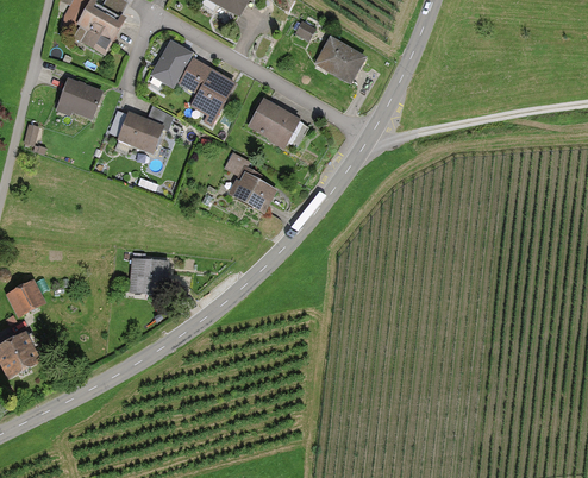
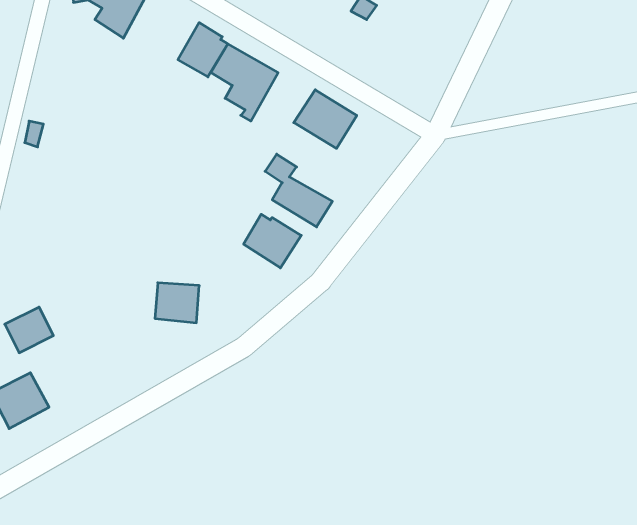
building: [314,36,365,83] -> none
building: [56,77,101,118] -> none
building: [108,105,170,150] -> none
building: none -> [244,214,301,268]

